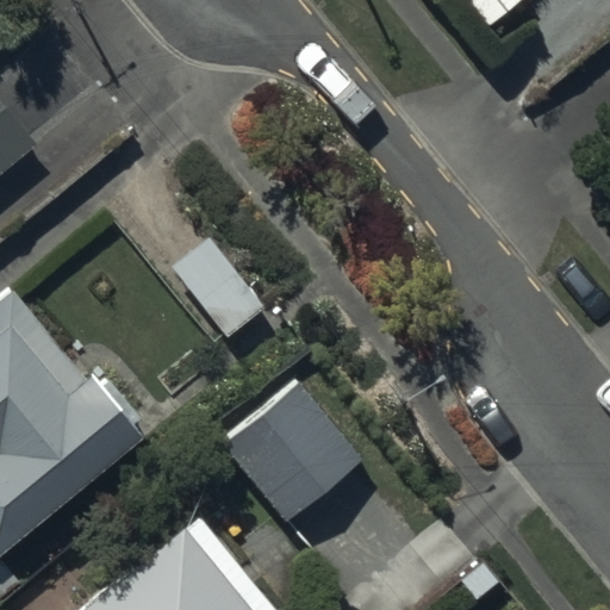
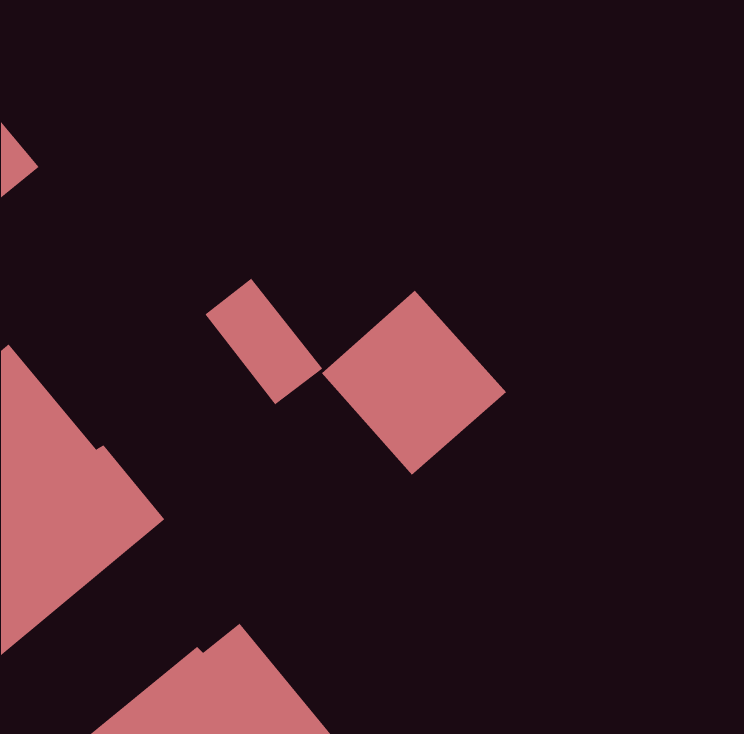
building: [218,381,369,533] -> [321,290,507,475]

